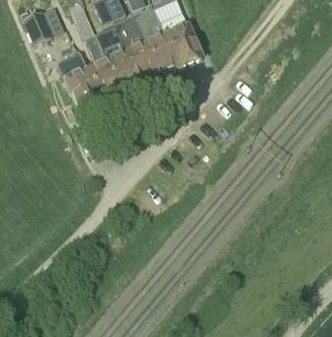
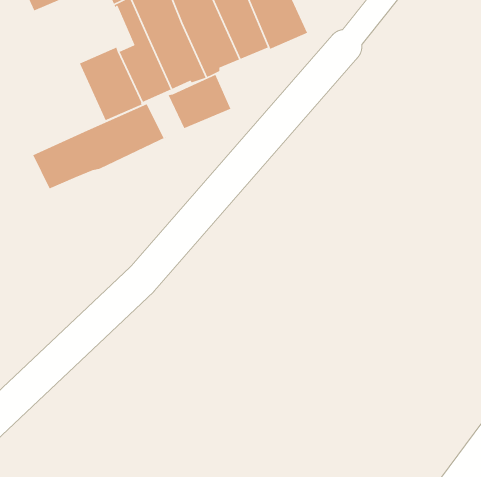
building: none -> [167,74,231,129]
building: none -> [32,103,167,189]

